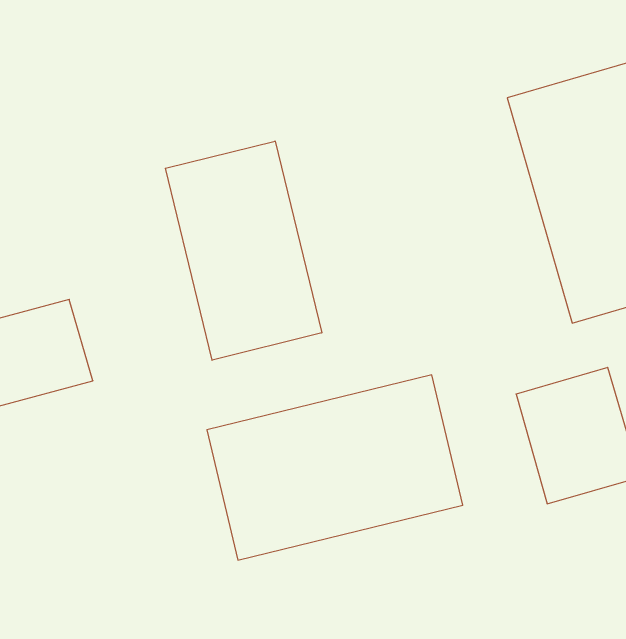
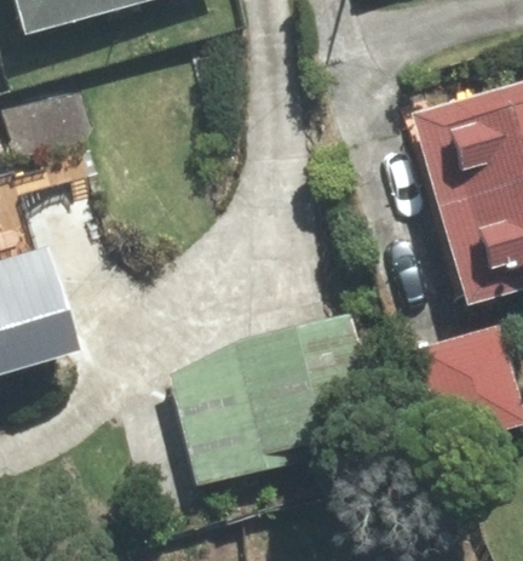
building: [165,141,322,360] -> none

